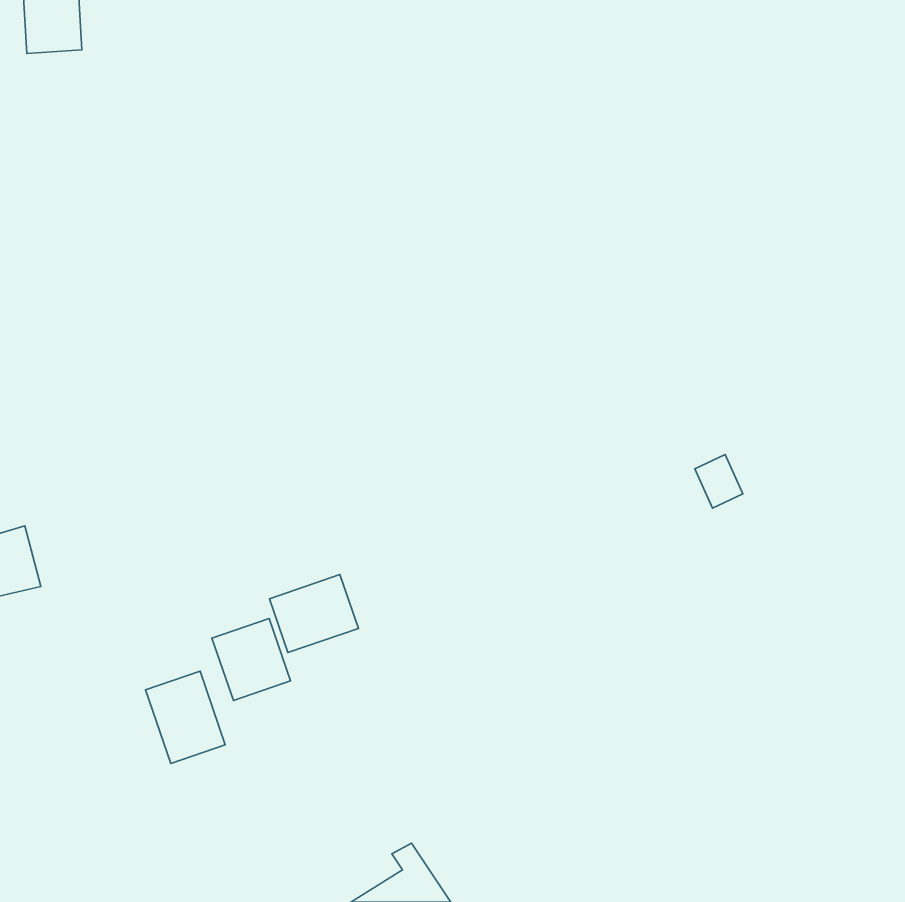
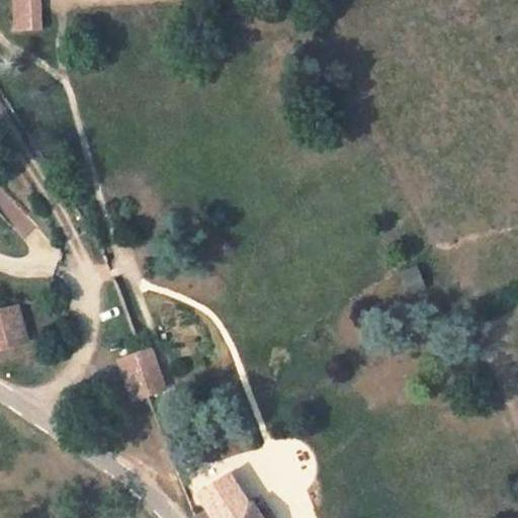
building: [269,575,358,653] -> none
building: [146,671,225,764] -> none

